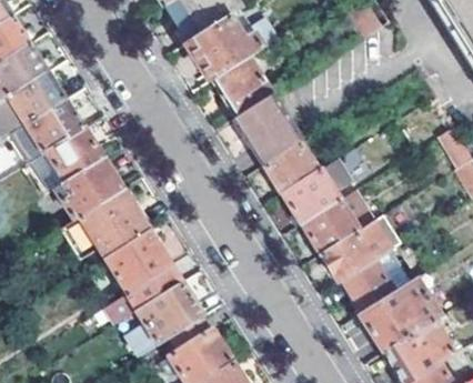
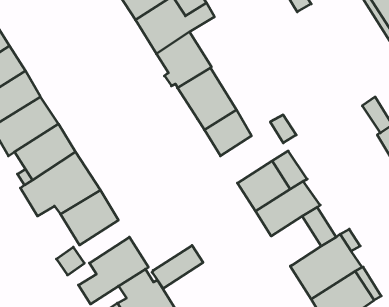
building: [283,169,341,223] -> none
building: [340,260,395,314] -> none
building: [125,264,182,312] -> [152,245,203,288]

